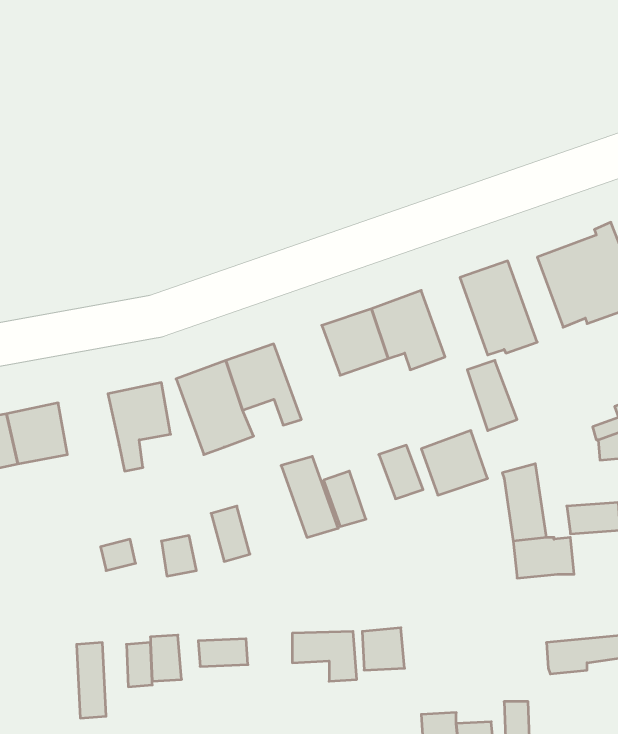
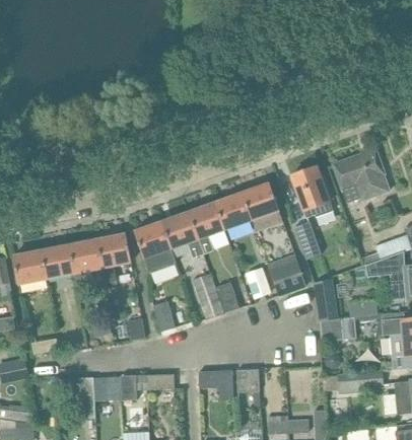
building: none -> [188,202,224,253]
building: none -> [69,239,102,273]

